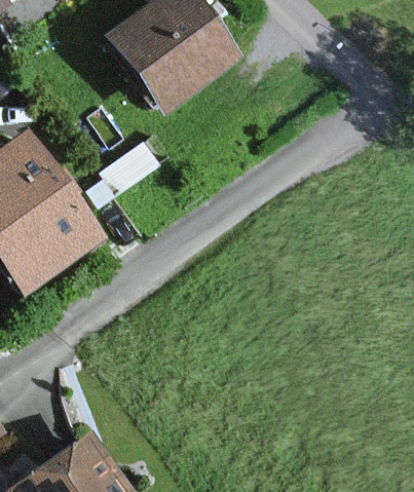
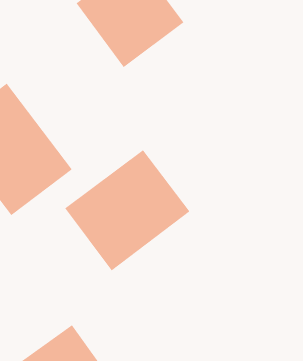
building: none -> [64,149,191,271]

